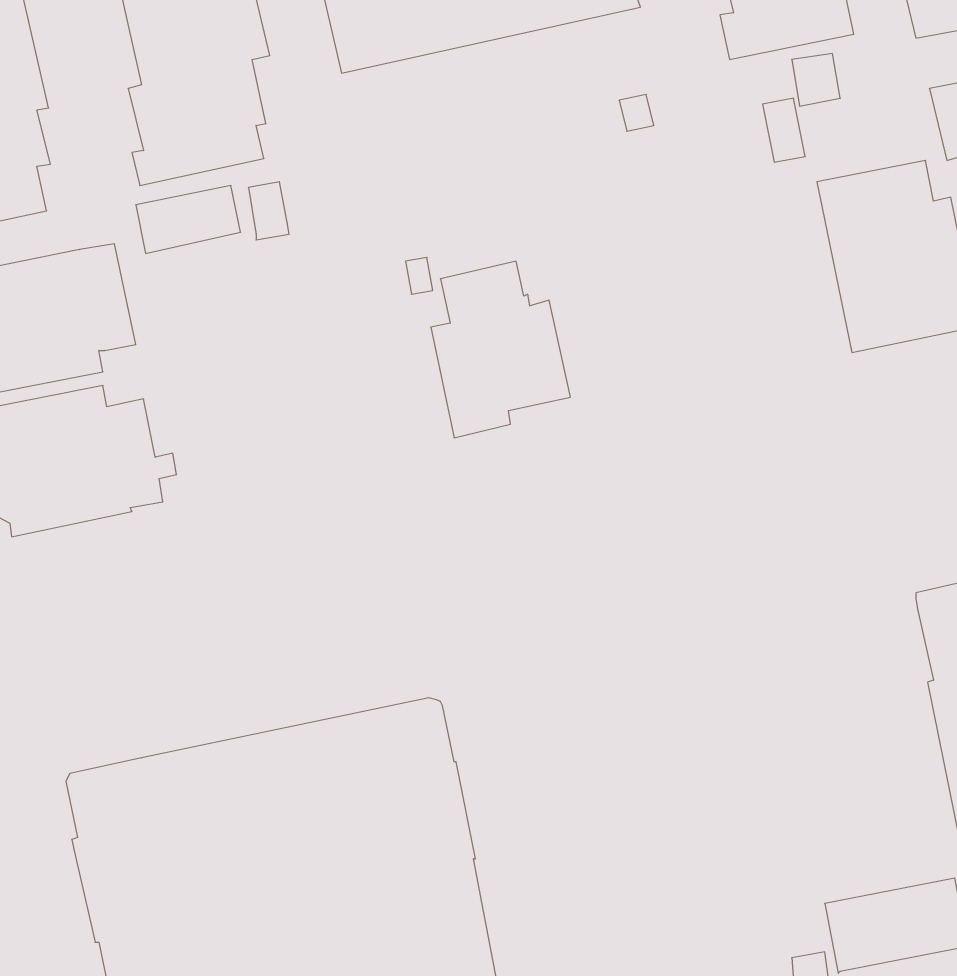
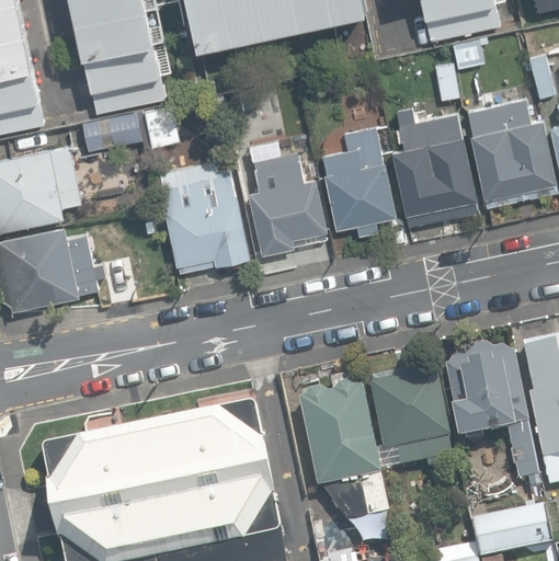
building: none -> [392,107,478,226]
building: none -> [322,127,396,236]
building: none -> [159,167,250,271]
building: none -> [445,343,538,480]
building: none -> [369,369,452,466]
building: none -> [298,374,388,520]

